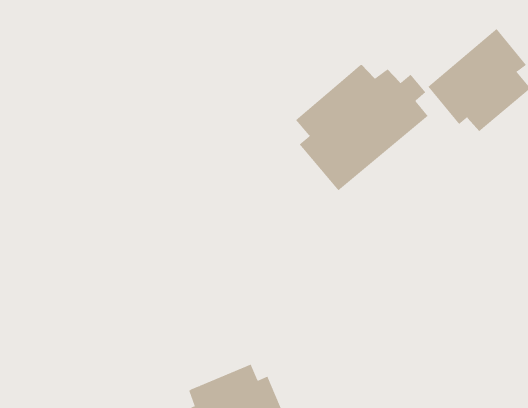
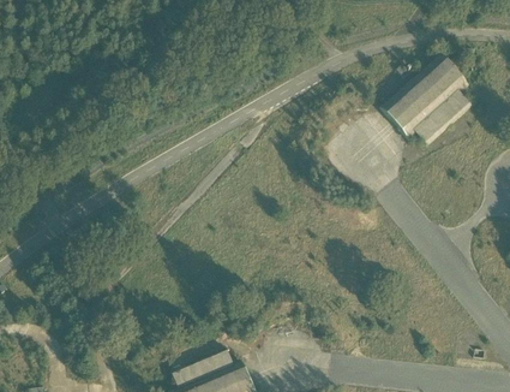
building: [295,64,428,191] -> none

